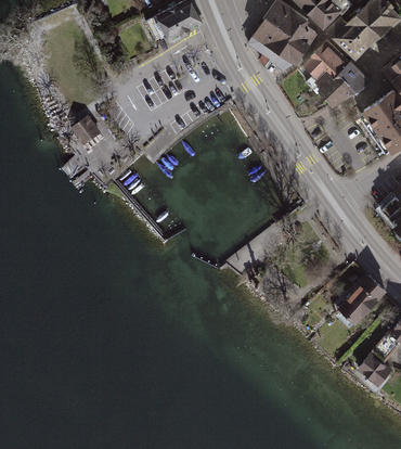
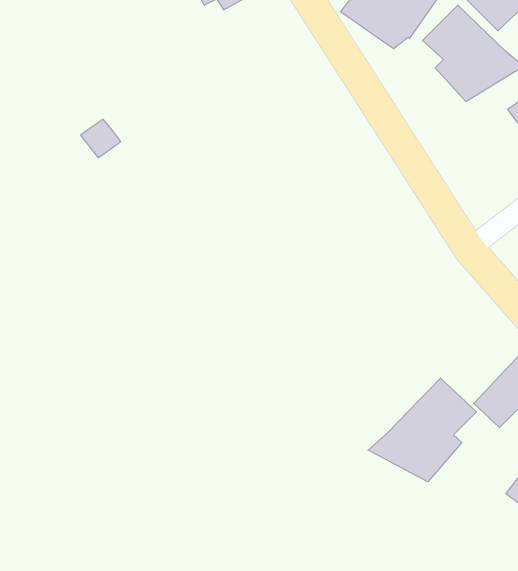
building: none -> [368,378,477,482]

